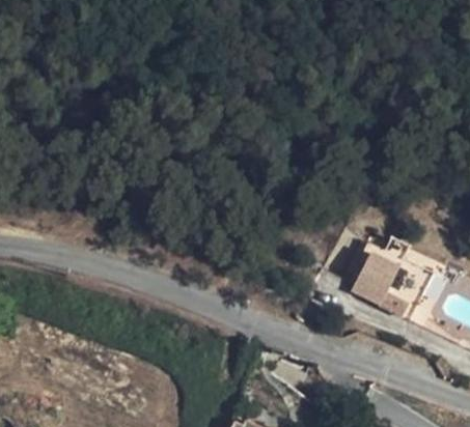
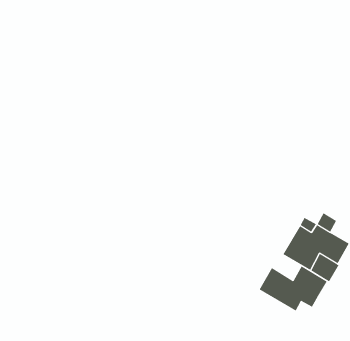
building: none -> [259,265,328,311]

